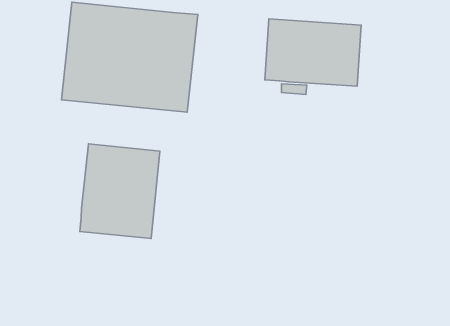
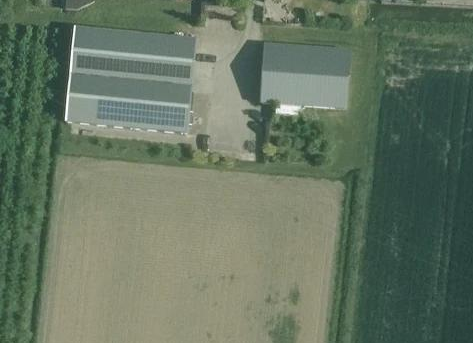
building: [80,144,160,239] -> none

